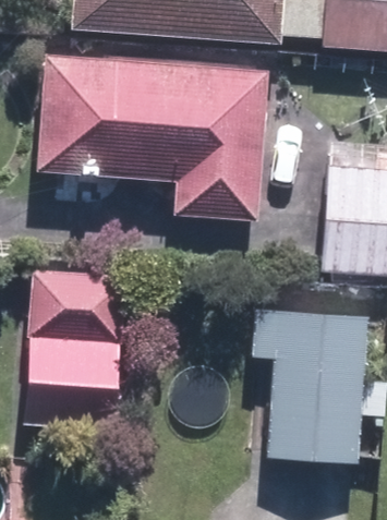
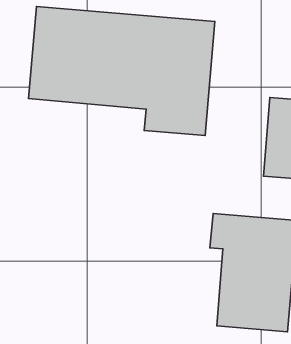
building: [25,275,121,424] -> none

